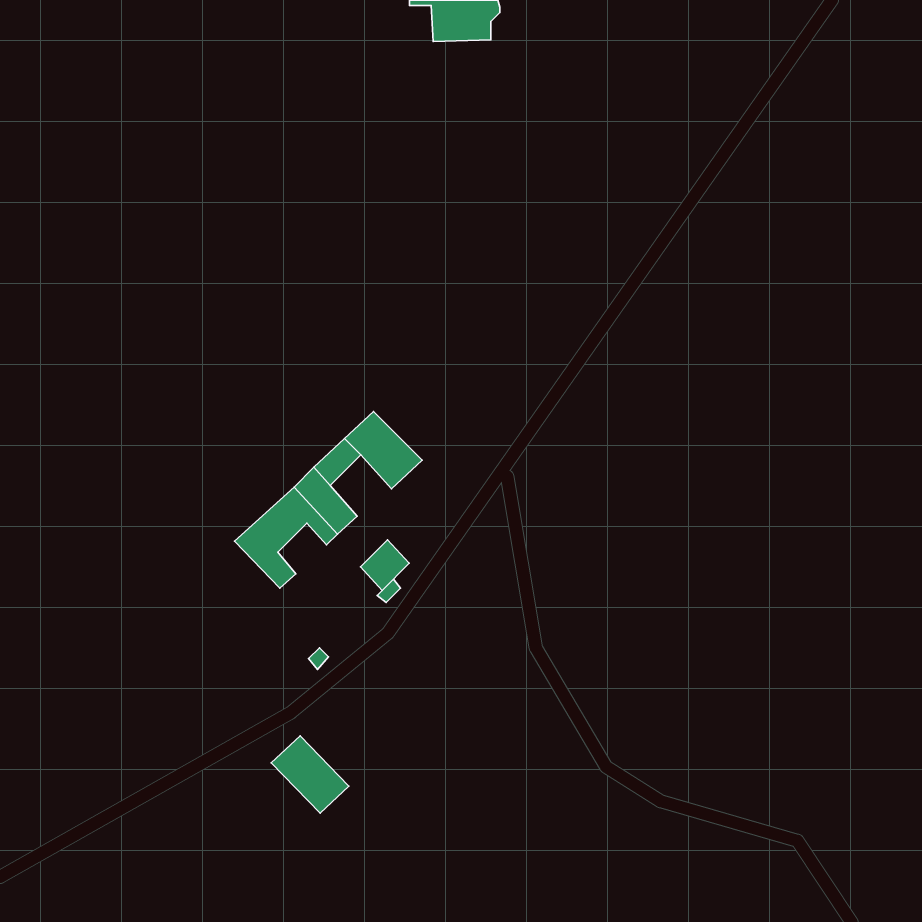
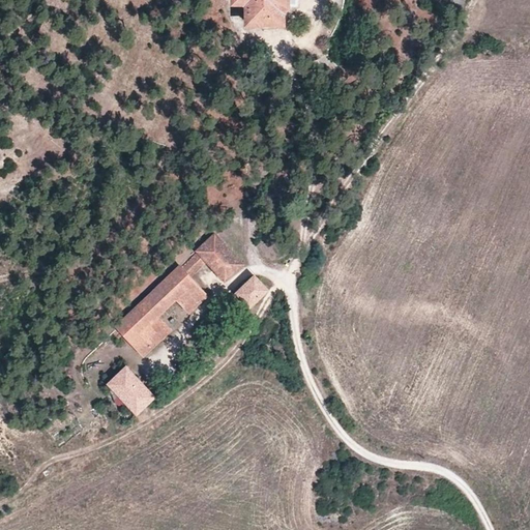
building: [361,540,409,590] -> [237,277,265,306]
building: none -> [111,311,160,355]
building: [271,736,349,813] -> [109,369,153,413]

